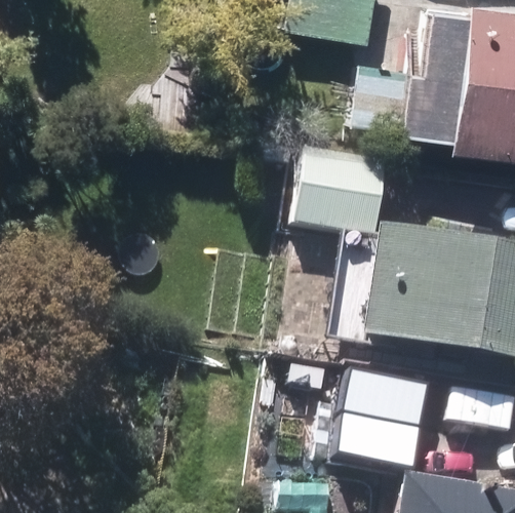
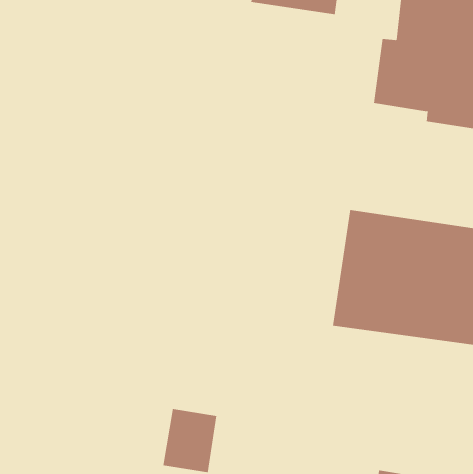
building: [291,148,388,235] -> none
building: [330,384,417,468] -> none

